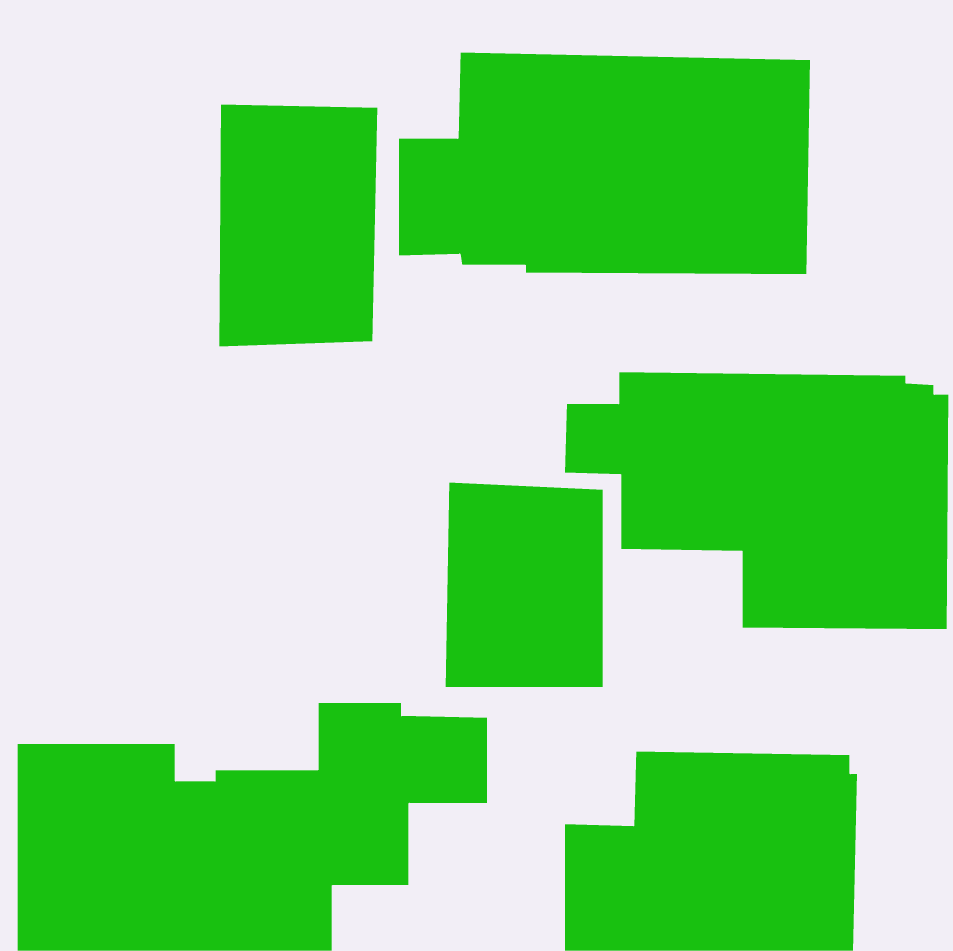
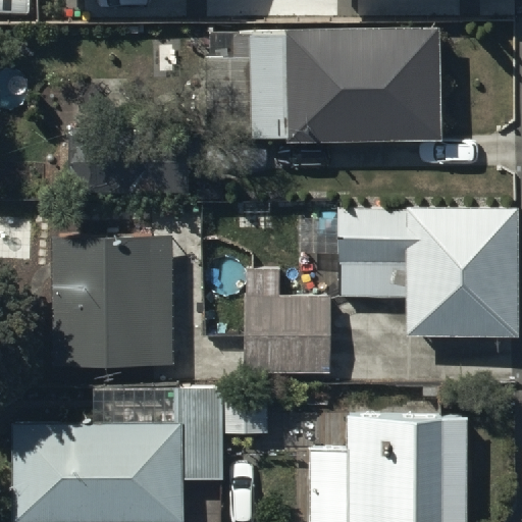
building: [219,104,378,347] -> none
building: none -> [52,244,175,368]

